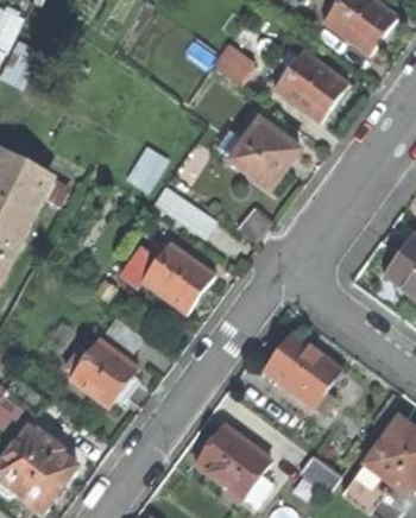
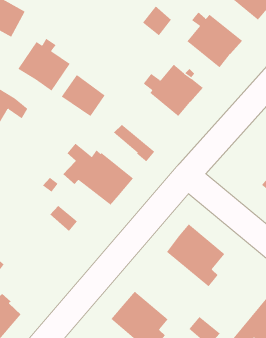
building: none -> [18,38,71,91]
building: [65,339,137,406] -> none

